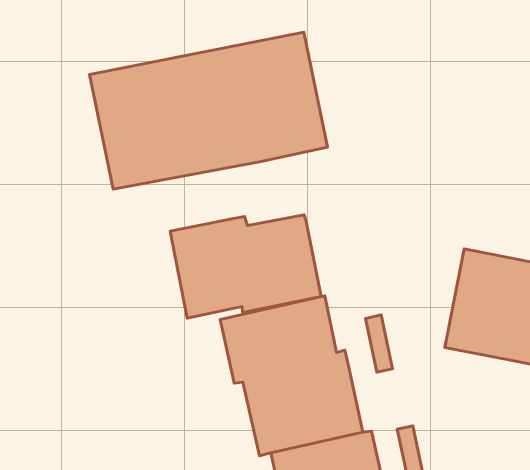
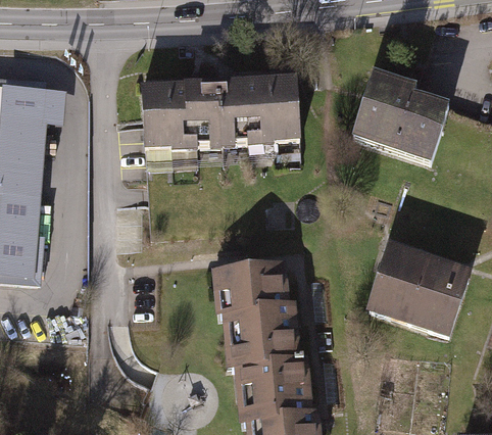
building: none -> [352,64,448,154]
building: [170,215,321,318] -> none

